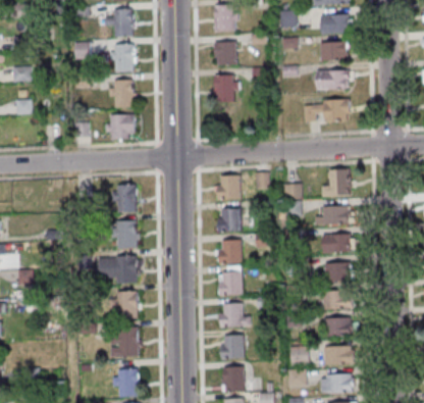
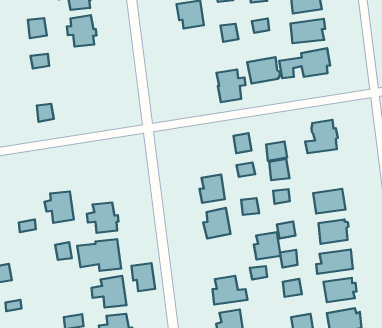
building: [214,75,240,104] -> [217,70,245,102]
building: [109,81,137,109] -> none
building: none -> [247,57,280,83]
building: [105,115,136,141] -> none
building: [216,173,240,198] -> none
building: [110,185,136,212] -> [44,191,74,223]
building: [314,204,350,223] -> none
building: [218,271,242,295] -> [254,232,280,259]
building: none -> [131,263,155,291]

